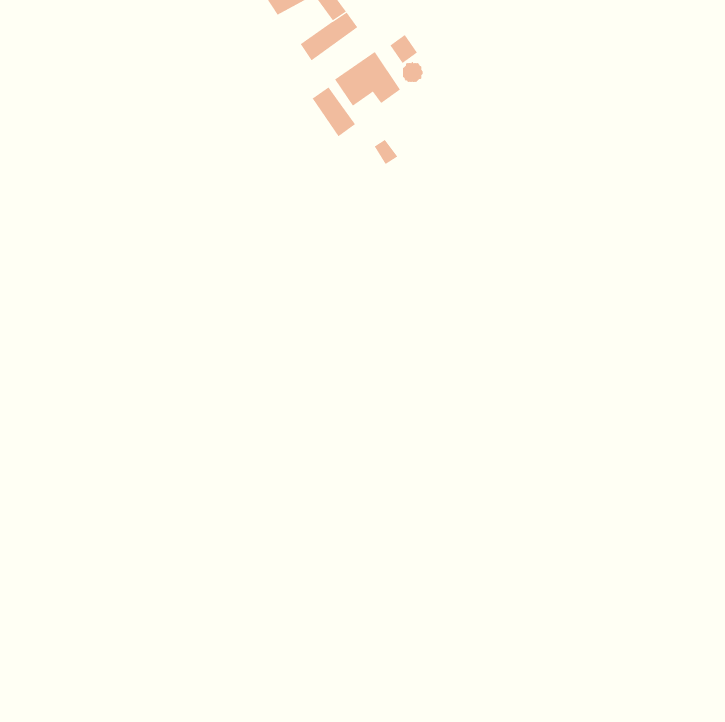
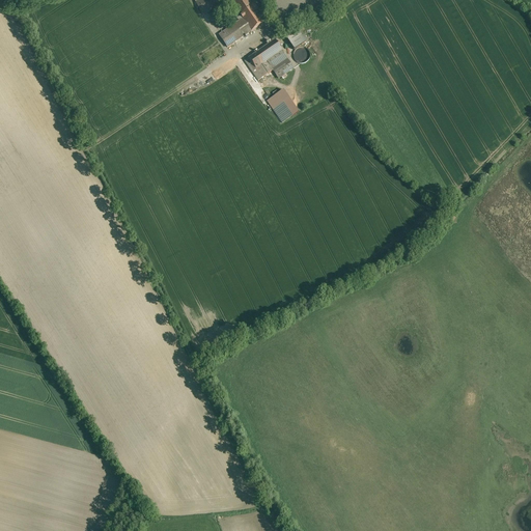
building: [312,87,356,137] -> none

